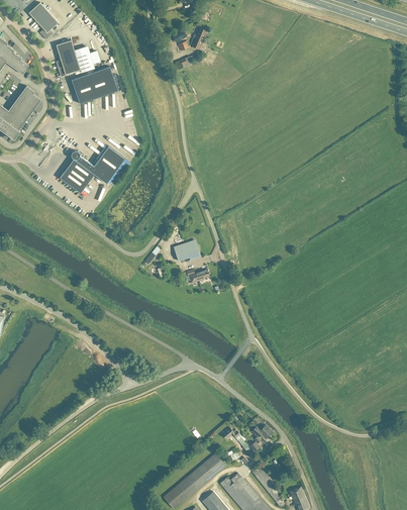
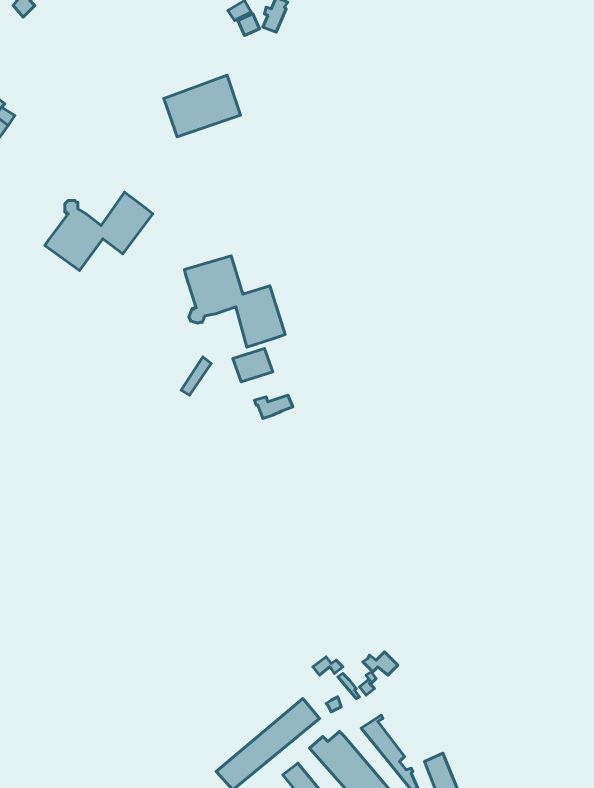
building: [57,40,81,78] -> none
building: [72,67,118,104] -> [164,75,241,137]
building: none -> [184,256,285,347]

